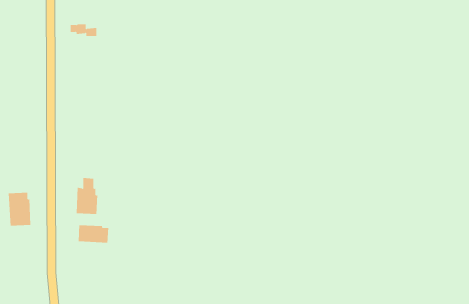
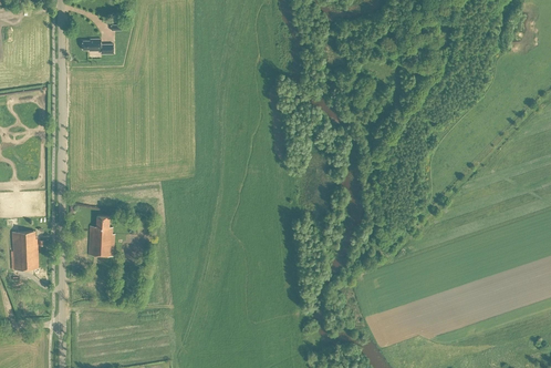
building: [78,225,109,244] -> none

